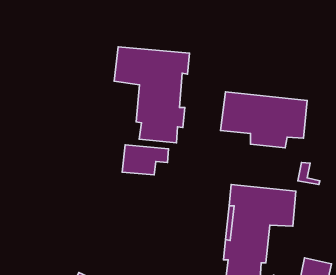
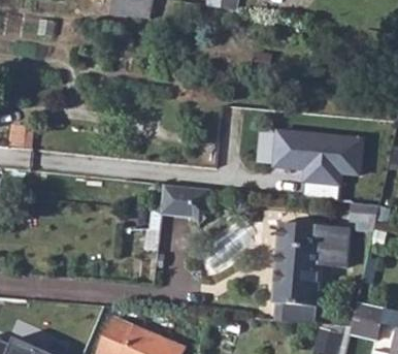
building: [114,47,190,143] -> none

